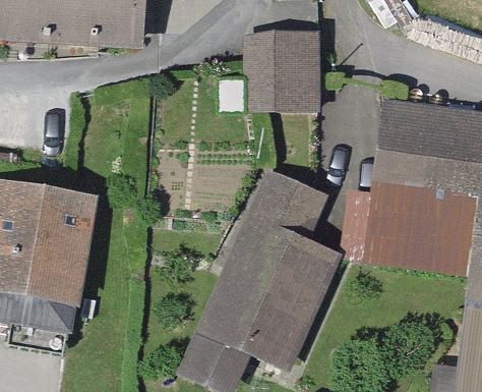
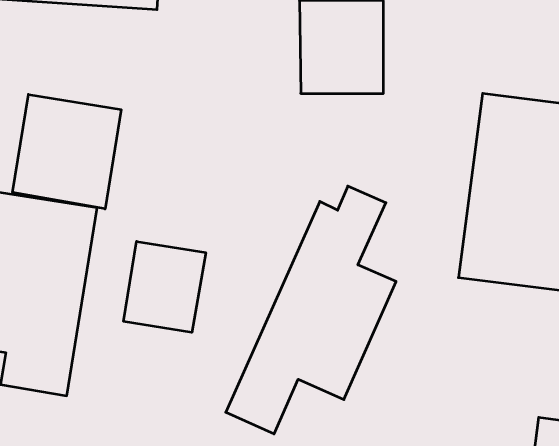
building: none -> [13,94,121,209]
building: none -> [124,241,206,332]

